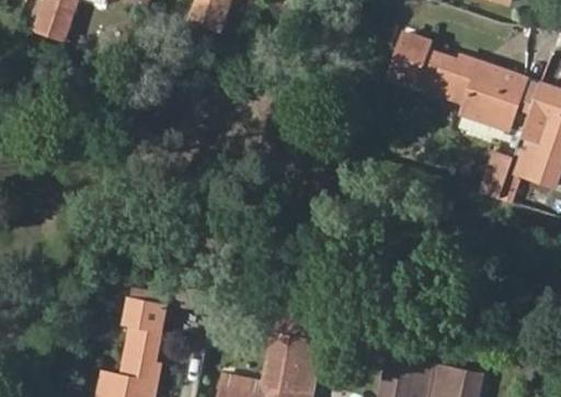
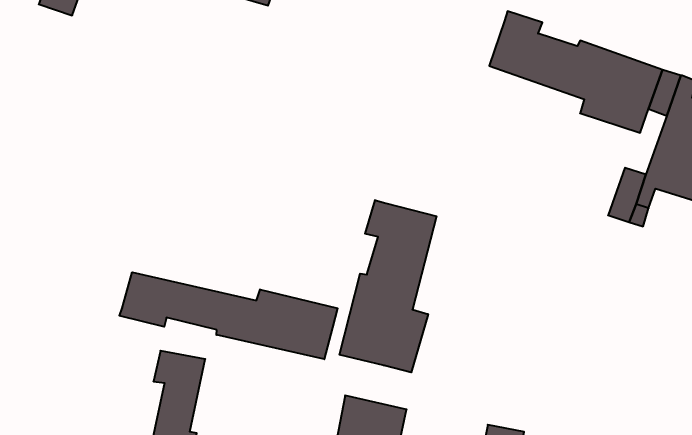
building: none -> [339,200,437,372]
building: none -> [119,272,338,359]

